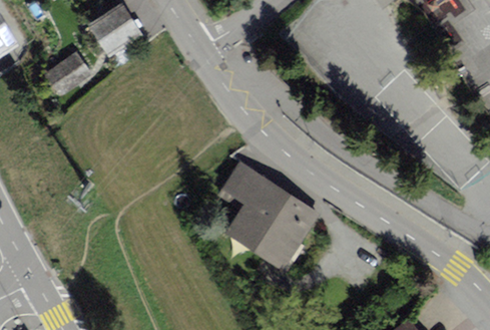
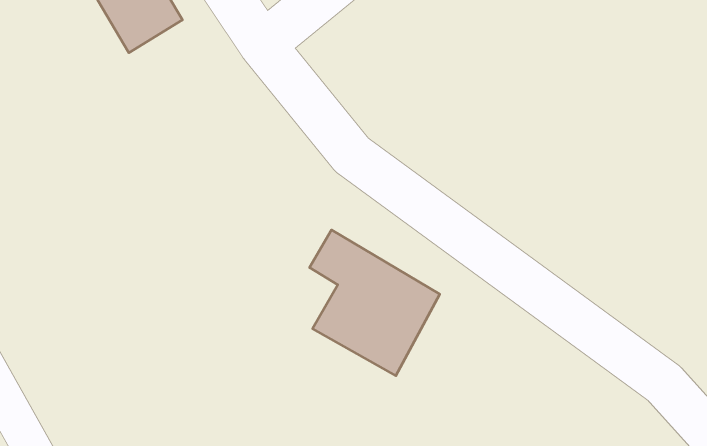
building: [49,50,88,89] -> none

